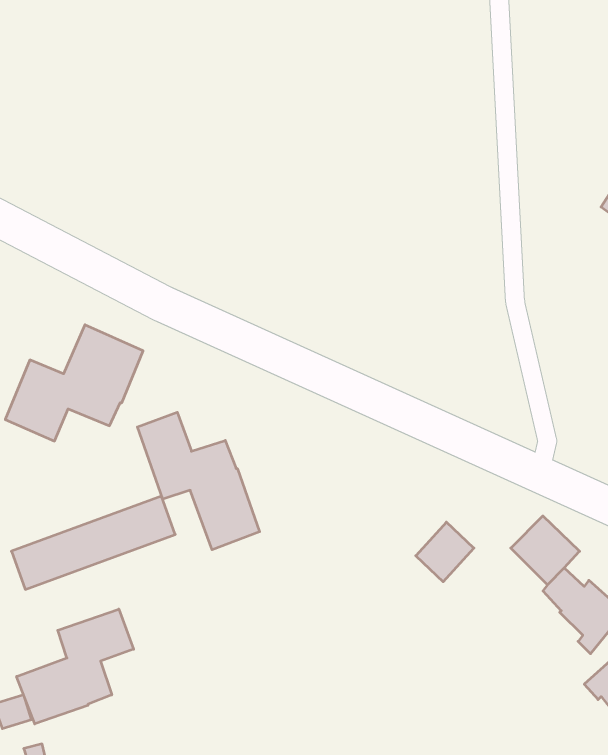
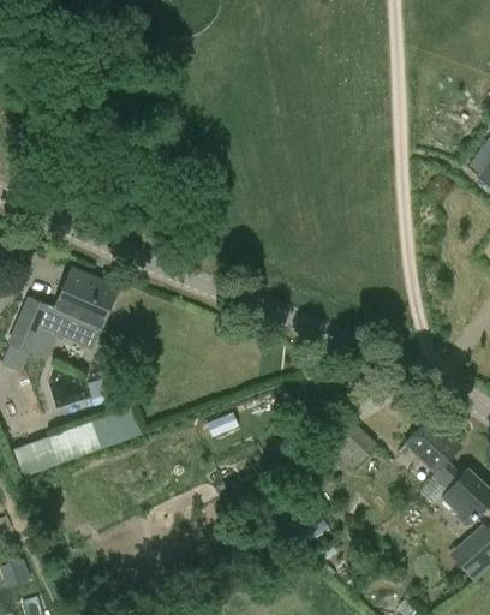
building: [137,412,260,550] -> none
building: [17,609,134,724] -> none

